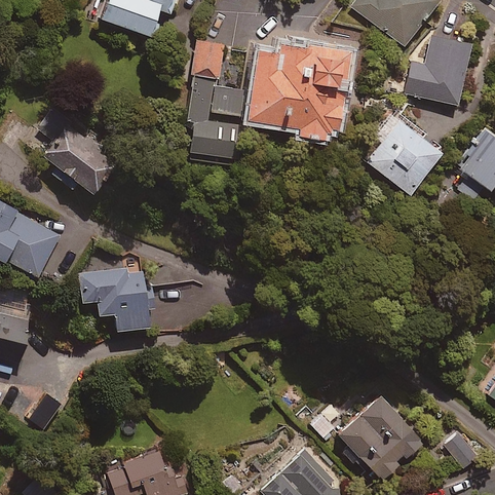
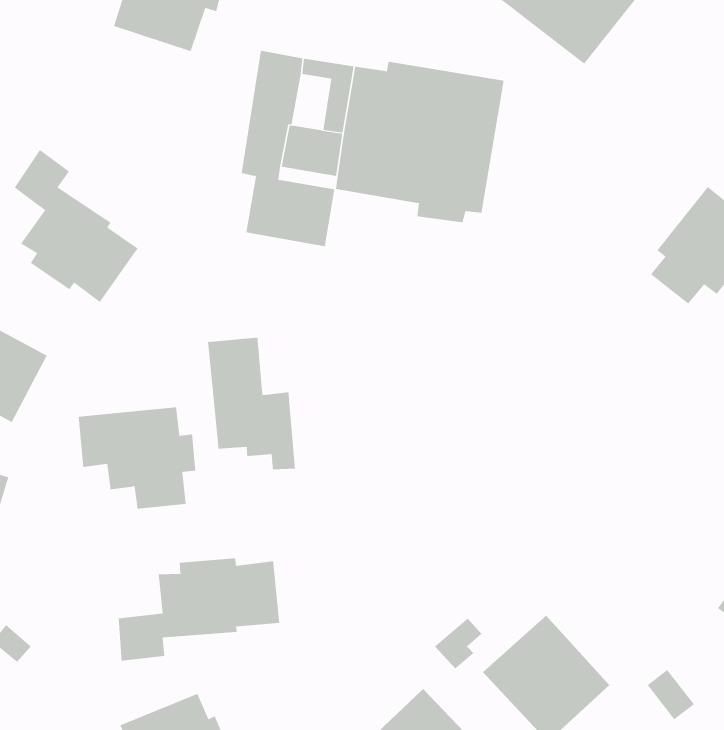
building: [405,32,472,105] -> none
building: [360,109,442,195] -> none
building: none -> [207,337,295,470]
building: none -> [118,558,280,661]

